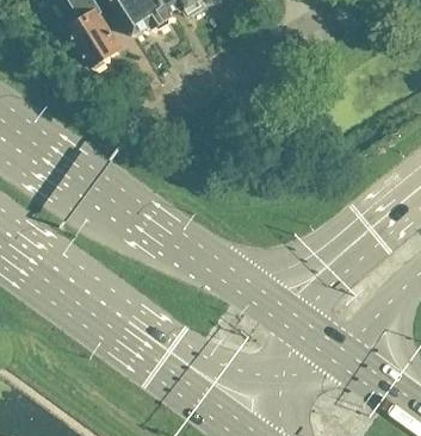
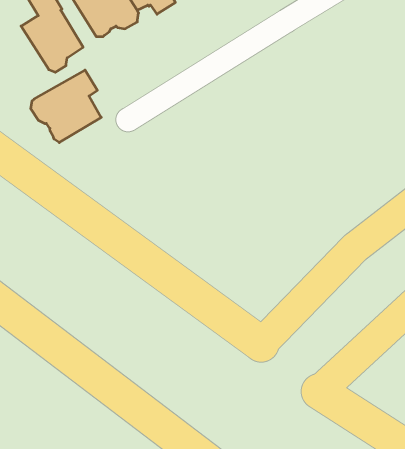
building: none -> [31,70,101,143]

